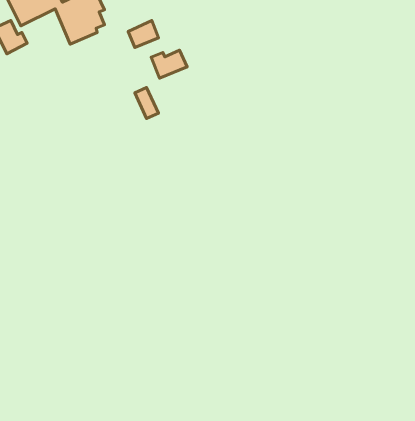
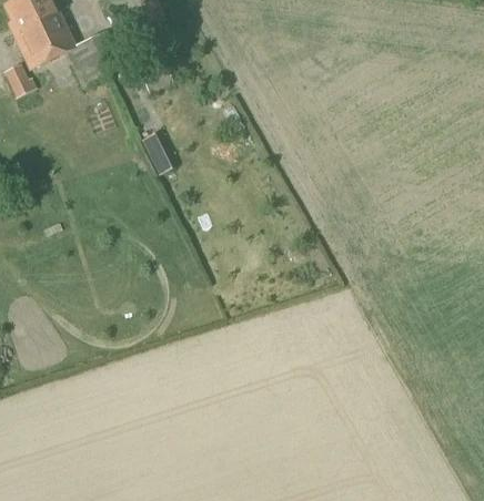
building: [151,50,187,78] -> none

